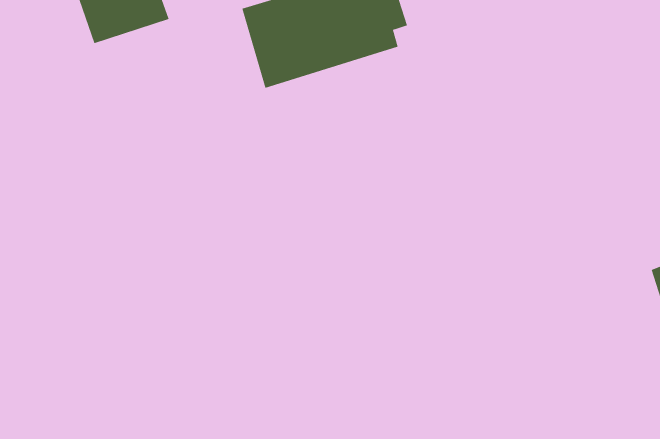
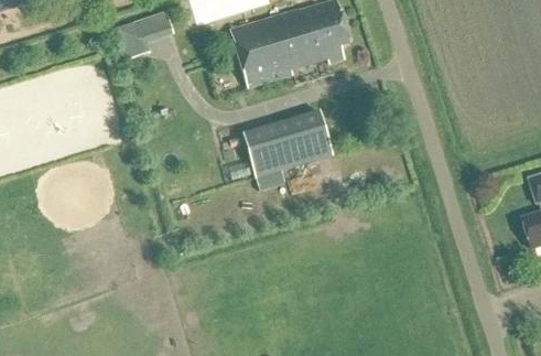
building: none -> [241,110,332,174]

